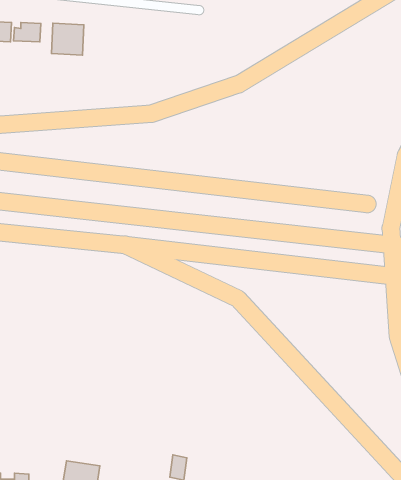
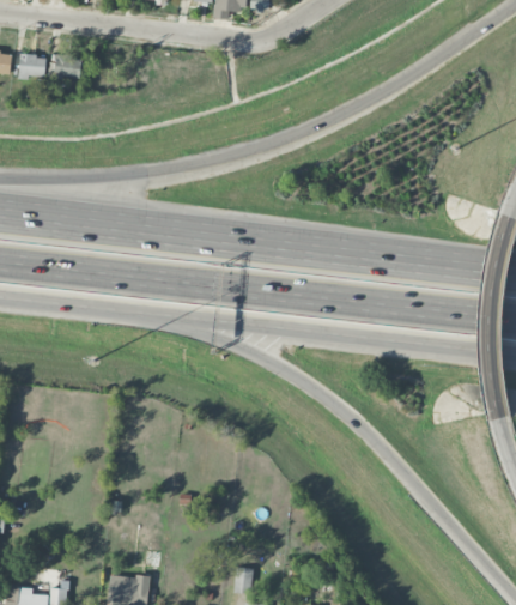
building: [52,23,84,55] -> none

